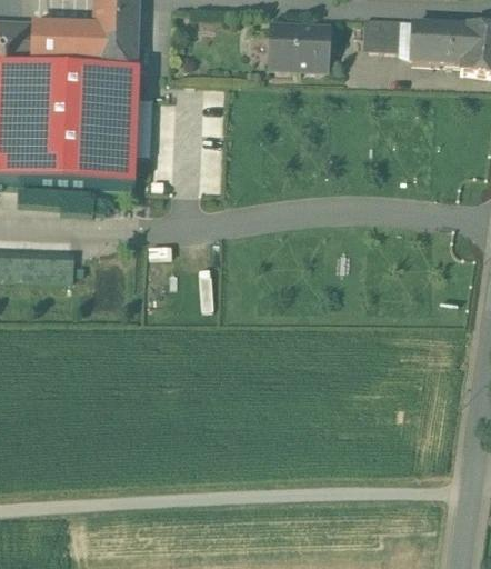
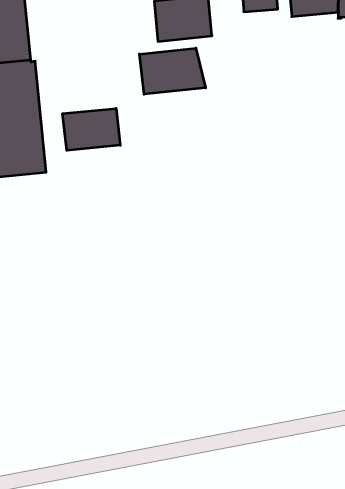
building: none -> [139,48,206,94]
building: none -> [63,108,120,150]

